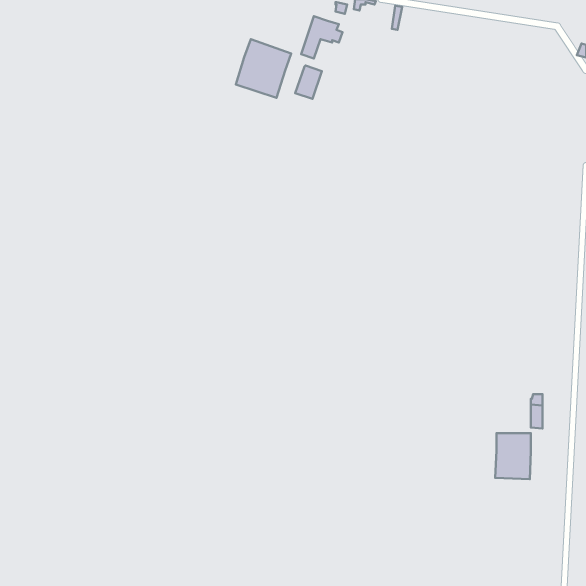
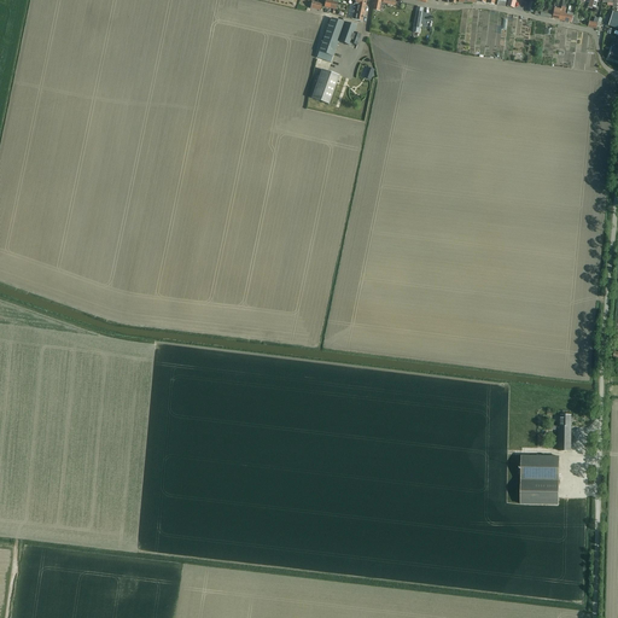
building: [236,39,291,98] -> none

